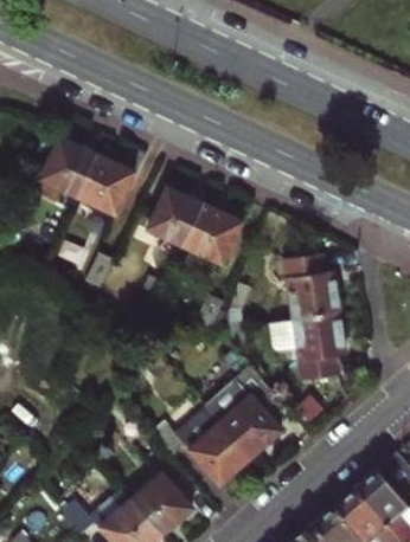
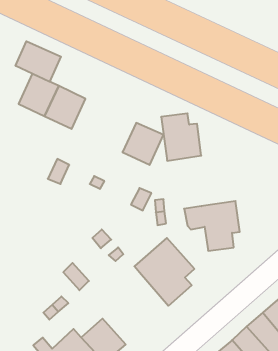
building: none -> [16,41,61,82]
building: [148,187,204,245] -> none
building: [286,254,341,320] -> [161,113,201,161]
building: [150,411,249,484] -> none

